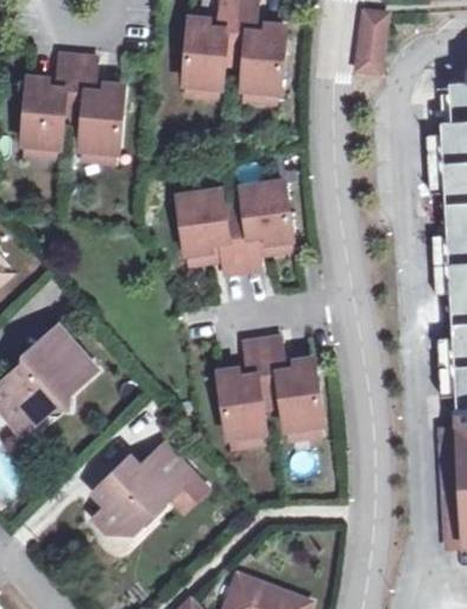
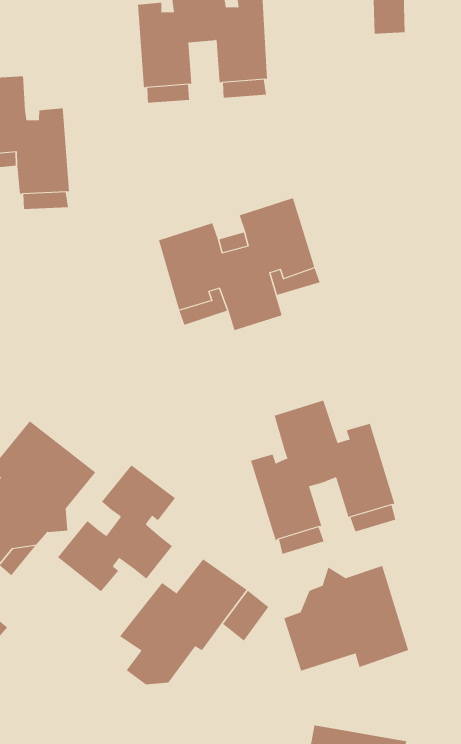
building: none -> [57,465,176,592]
building: none -> [284,565,409,671]

